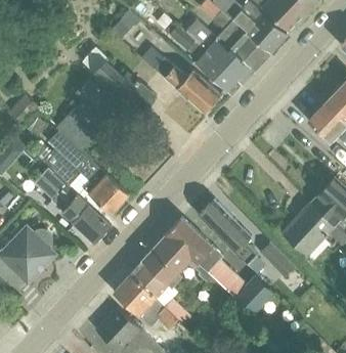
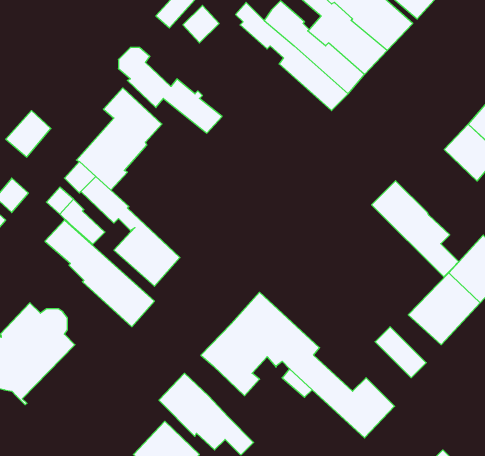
building: [141,50,218,112] -> none
building: [198,201,257,266] -> [372,181,459,277]
building: [130,262,189,326] -> none

